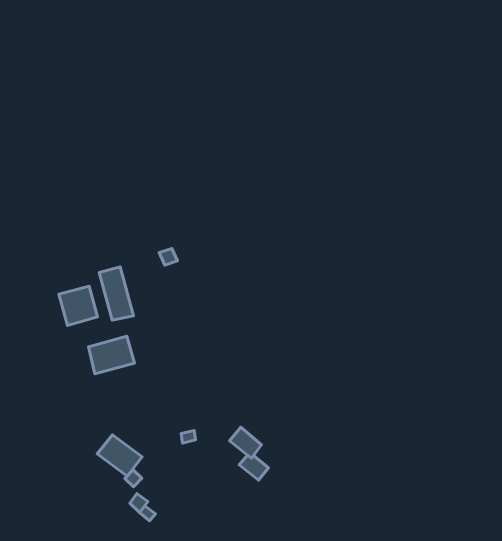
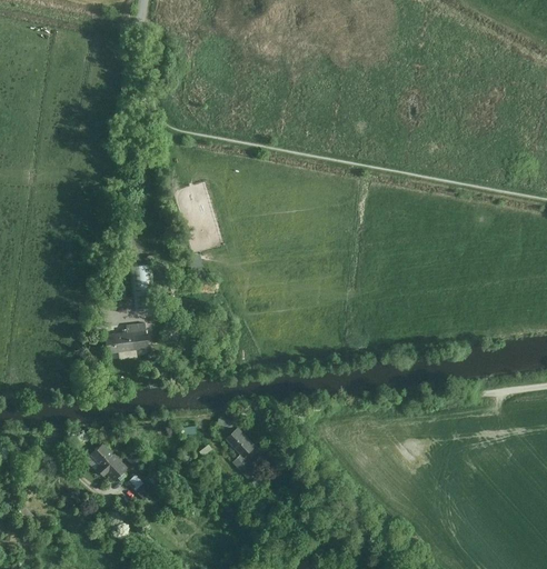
building: [59,286,97,326] -> none
building: [97,435,142,476] -> [84,442,126,482]

